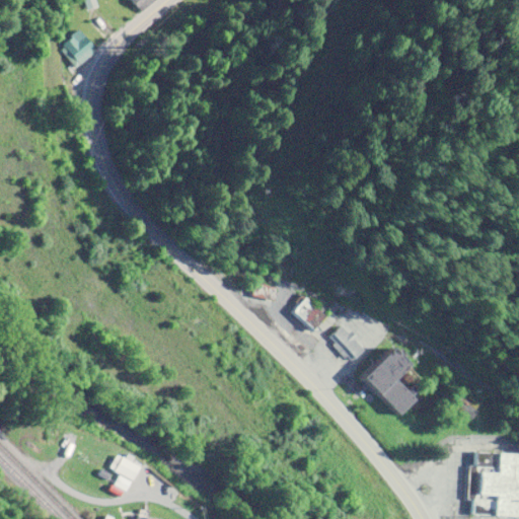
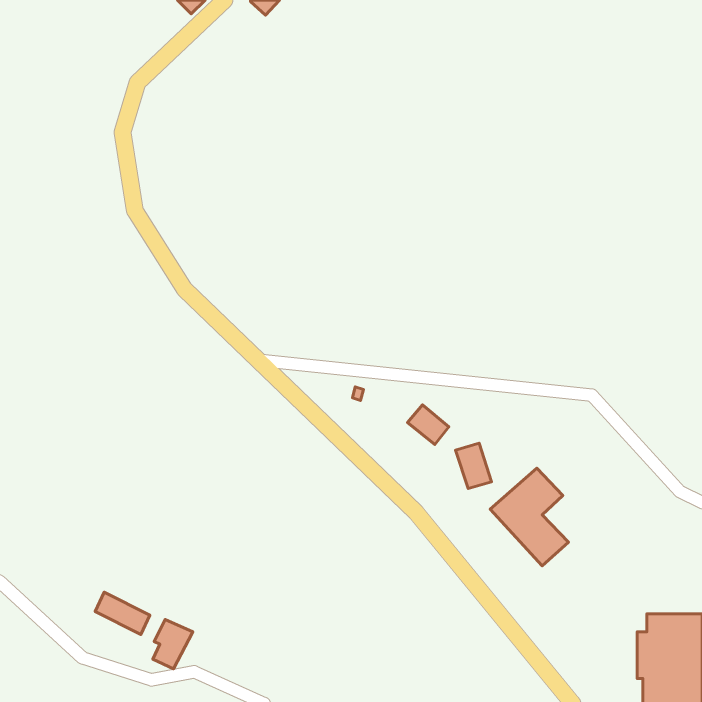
building: [64,29,97,64] -> none
building: none -> [95,592,150,635]

